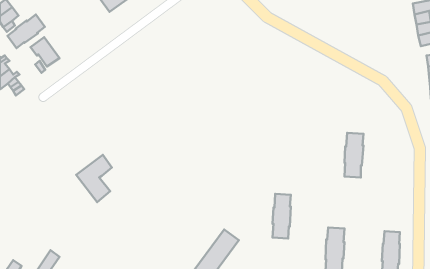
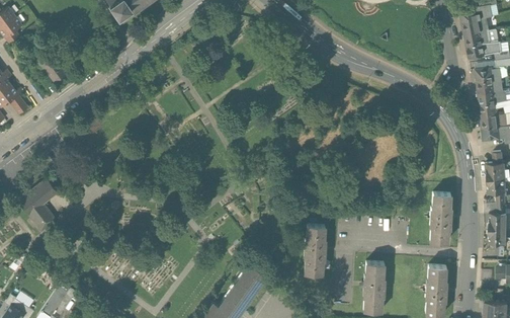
building: [8,15,45,48] -> none
building: [344,133,364,177] -> [430,192,451,242]
building: [76,155,112,202] -> [18,178,58,231]

